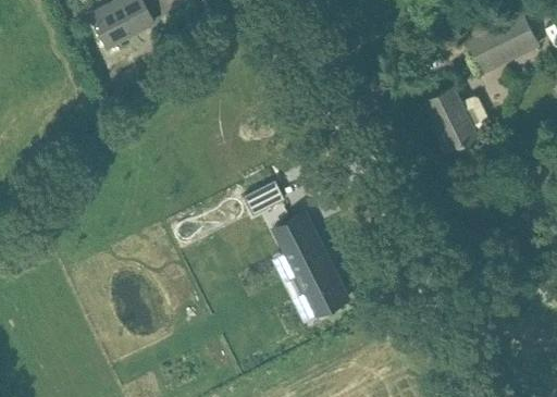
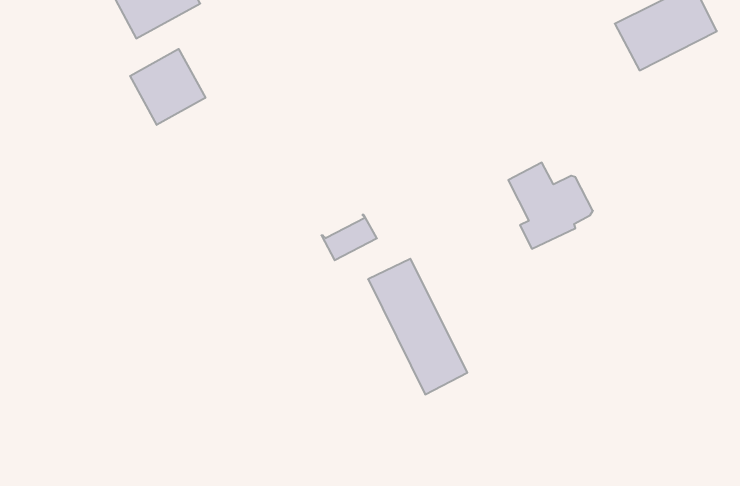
building: none -> [130,49,205,125]
building: [424,88,487,152] -> [508,163,593,249]

